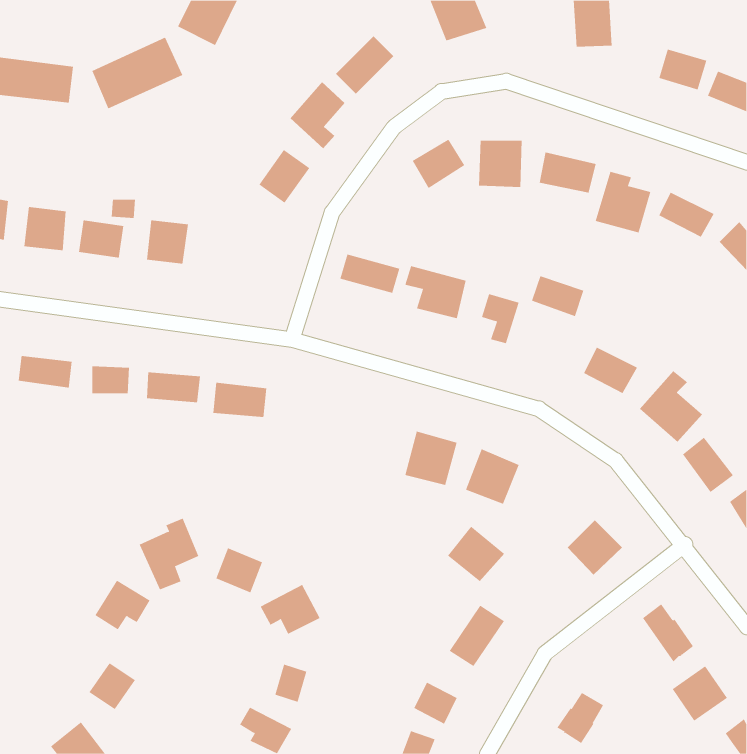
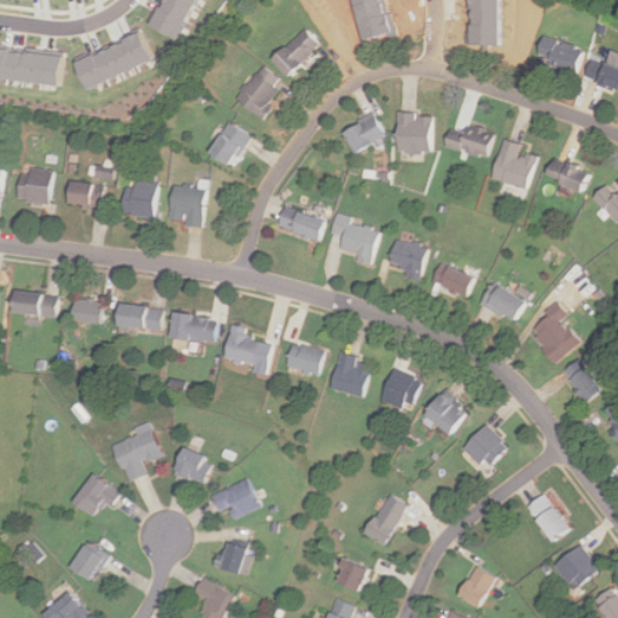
building: none -> [164,183,202,225]
building: [531,276,584,317] -> [427,264,471,298]
building: none -> [226,325,264,366]
building: none -> [286,342,326,375]
building: [447,526,505,582] -> [425,390,472,436]

